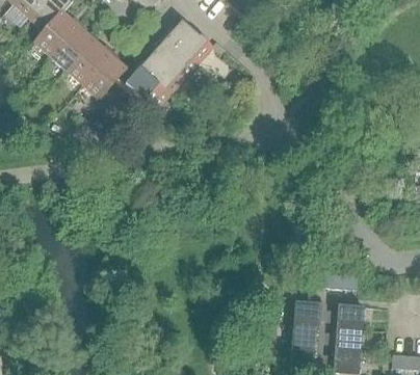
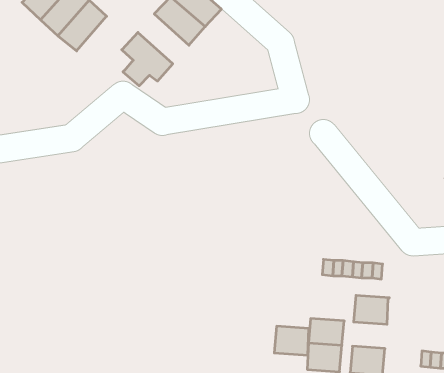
building: [138,51,184,96] -> none
building: [83,53,127,99] -> none
building: [293,300,324,326] -> [274,326,309,355]
building: [331,327,362,351] -> none

